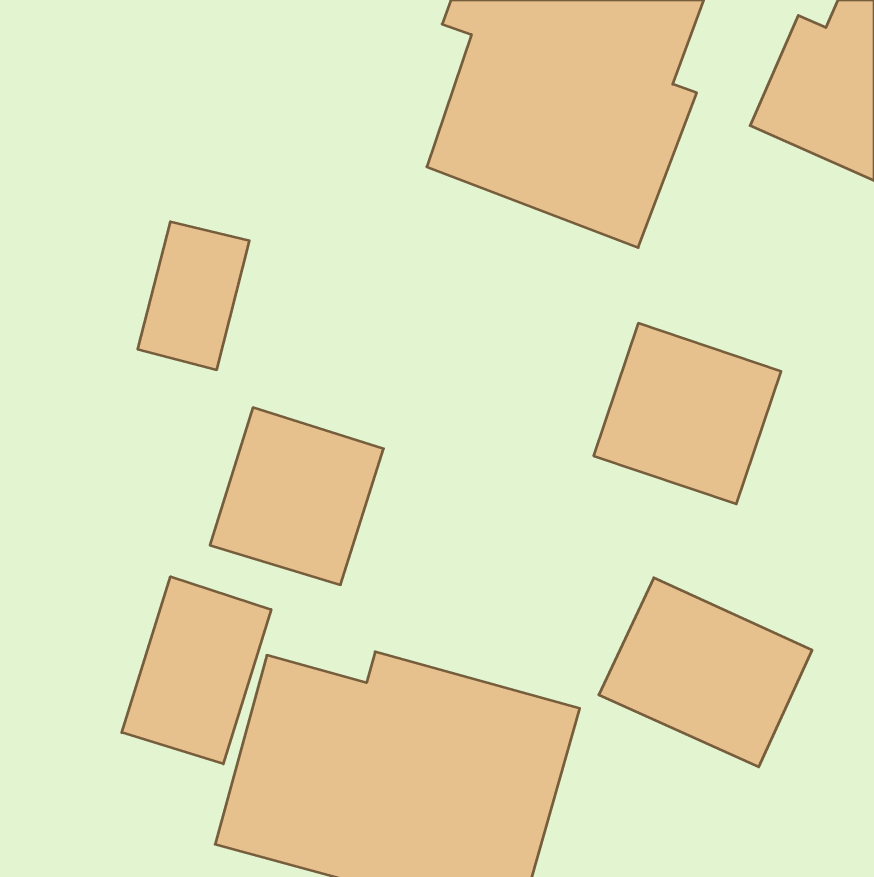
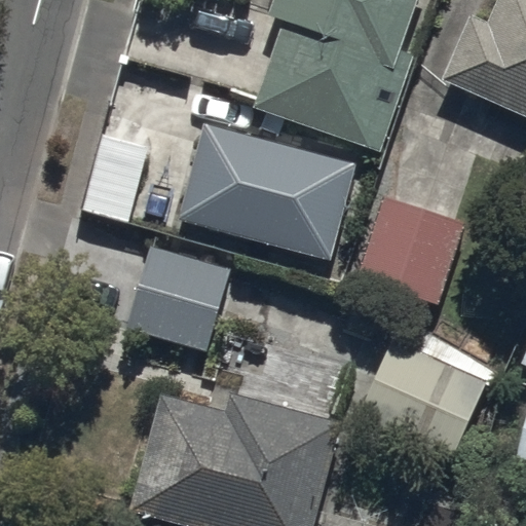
building: none -> [178,121,359,263]
building: [122,577,271,764] -> none

